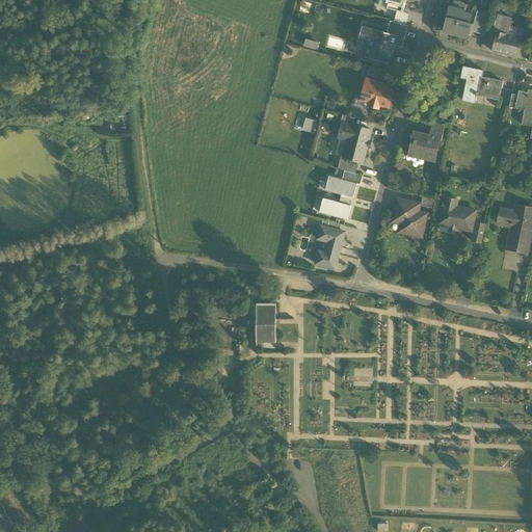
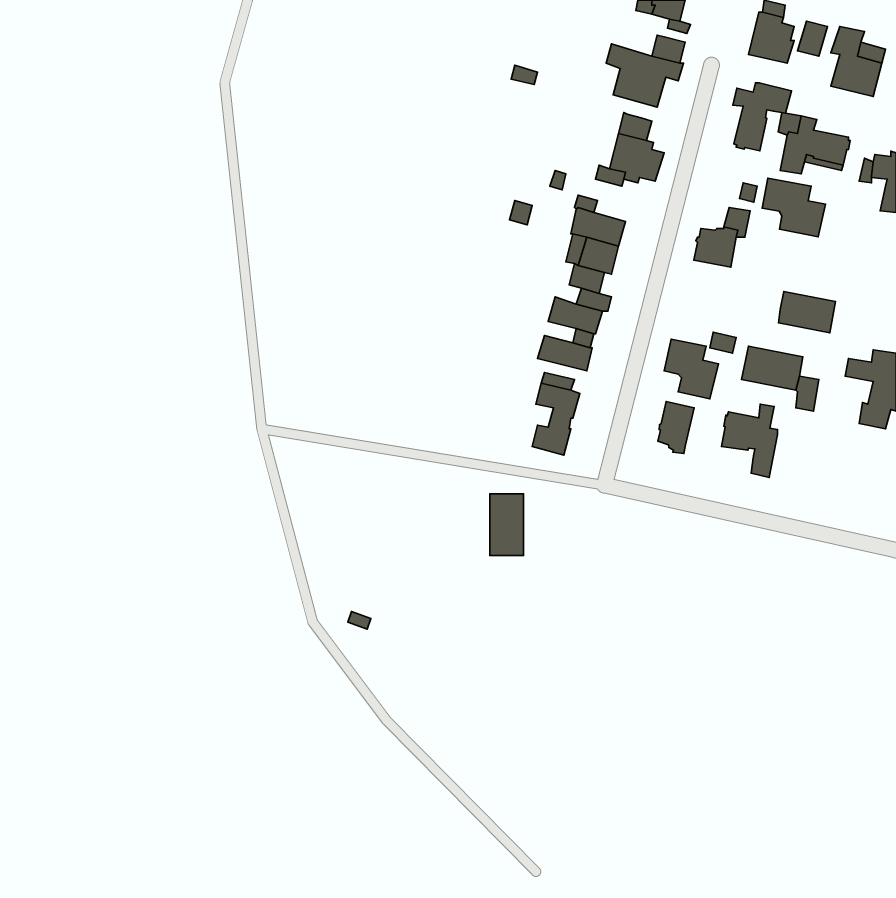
building: none -> [733,83,792,151]
building: none -> [762,178,826,237]
building: none -> [778,292,835,333]
building: none -> [658,401,694,454]
building: none -> [722,404,778,478]
building: [256,303,275,340] -> [490,494,523,555]

